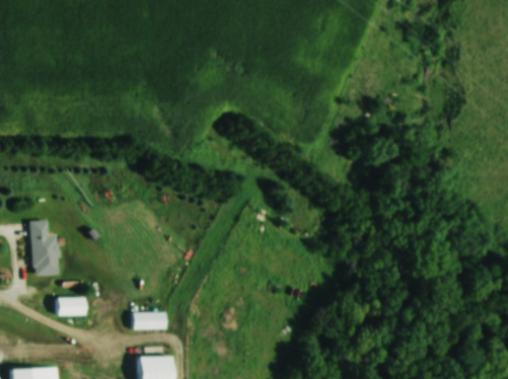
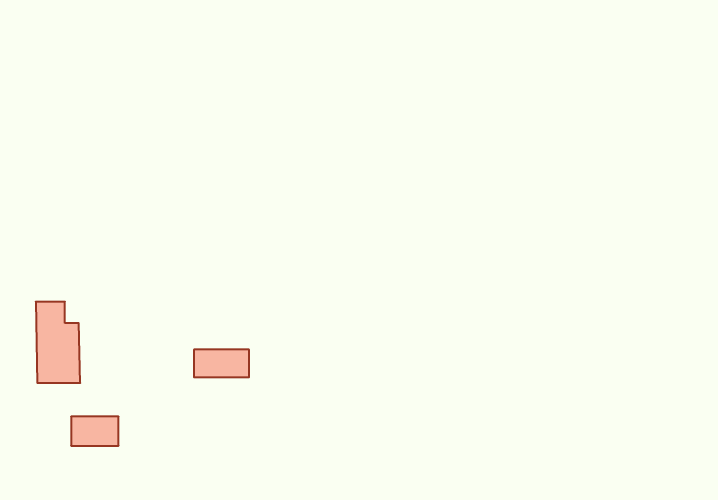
building: [133,310,169,328] -> [194,350,249,377]

